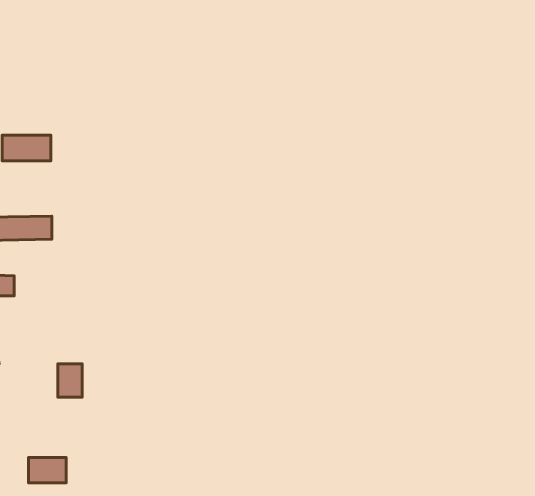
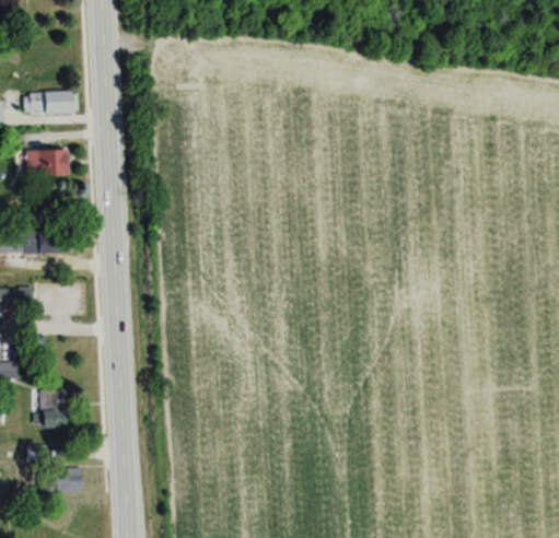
building: none -> [25,91,78,113]
building: [58,364,82,397] -> [42,389,66,422]

